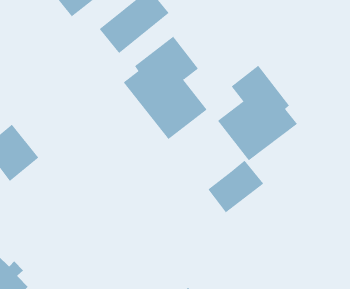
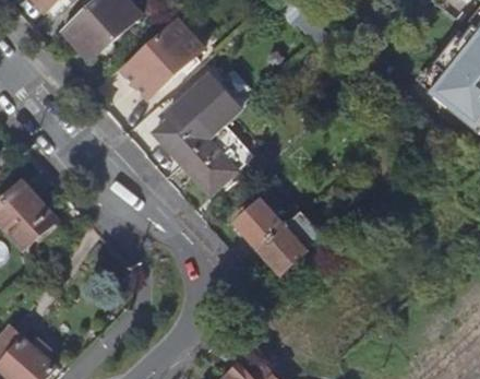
building: [217,65,298,161] -> none
building: none -> [236,198,285,247]

